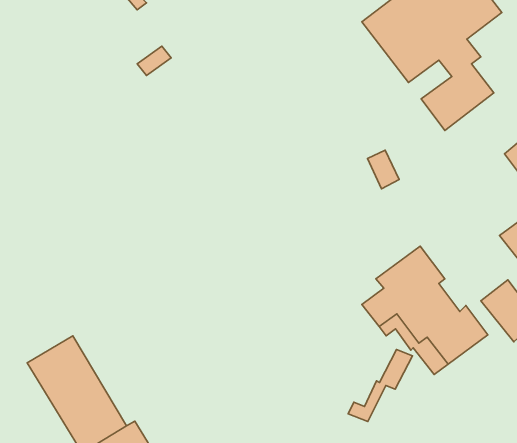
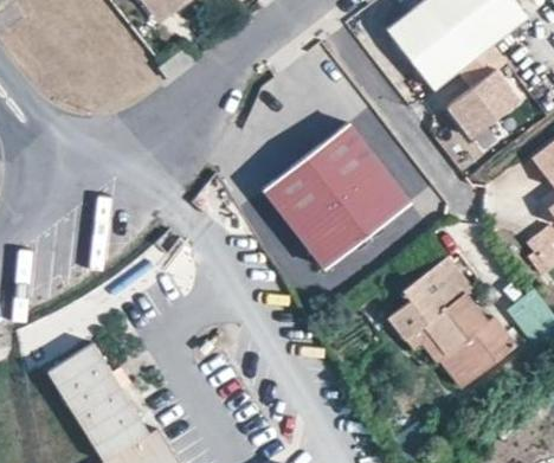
building: none -> [264,127,411,271]
building: [348,349,412,422] -> none

